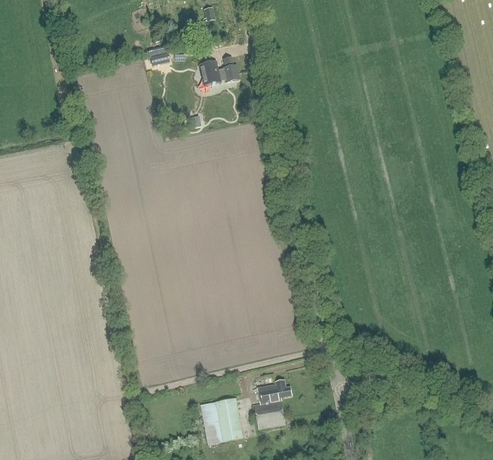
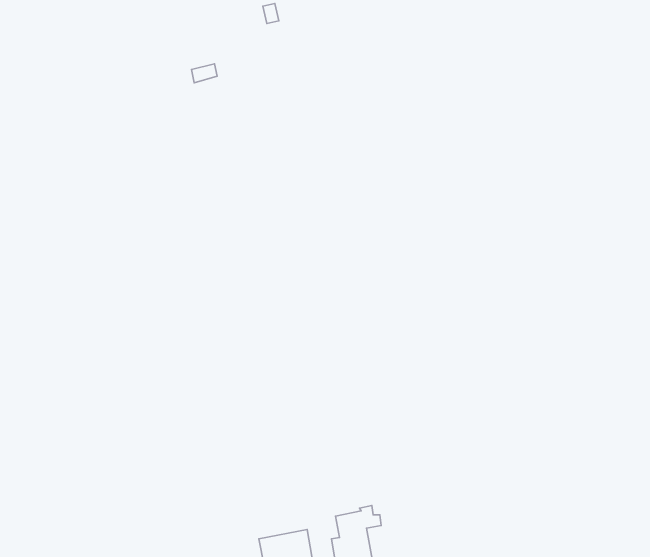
building: [199,56,239,85] -> none

